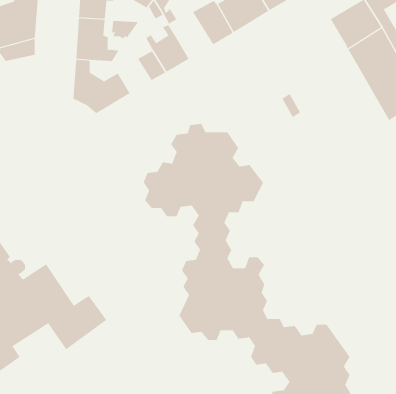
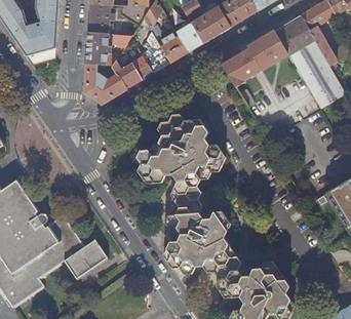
building: none -> [160,28,188,63]
building: none -> [222,31,287,86]
building: none -> [111,48,142,88]

